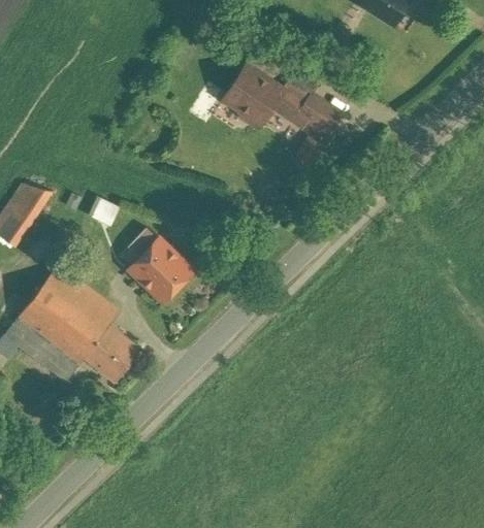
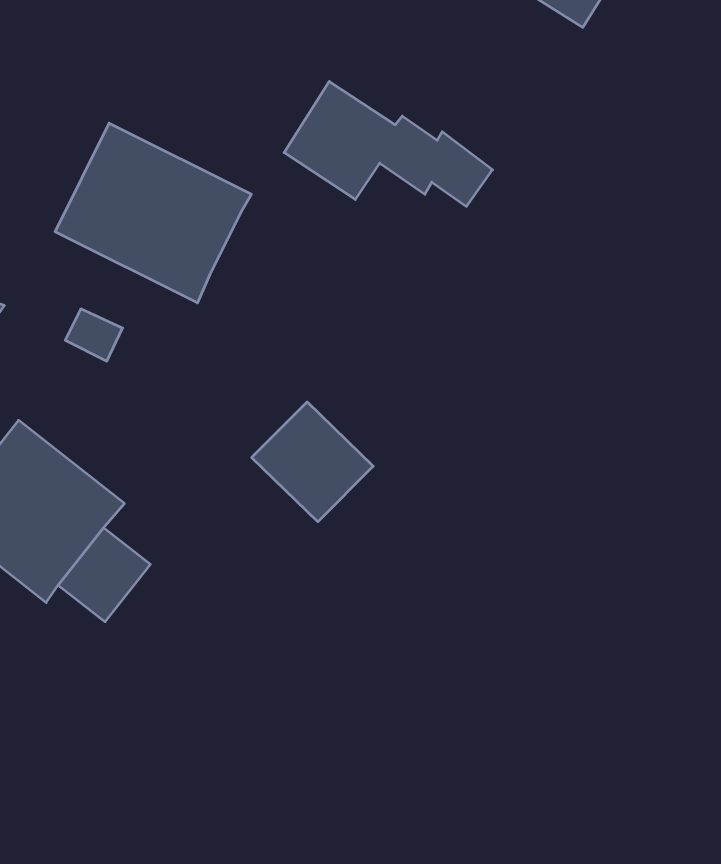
building: none -> [55,123,251,303]
building: [123,232,195,303] -> [252,402,373,522]

